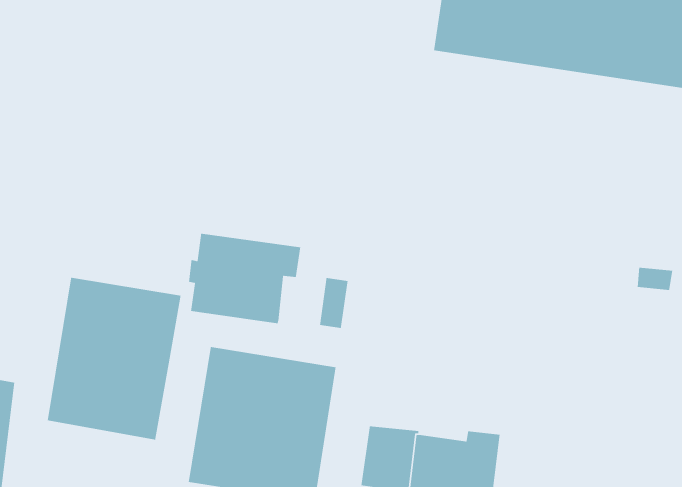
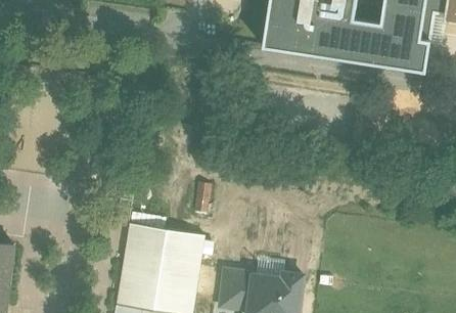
building: [188,233,301,324] -> none
building: [47,277,181,440] -> none

